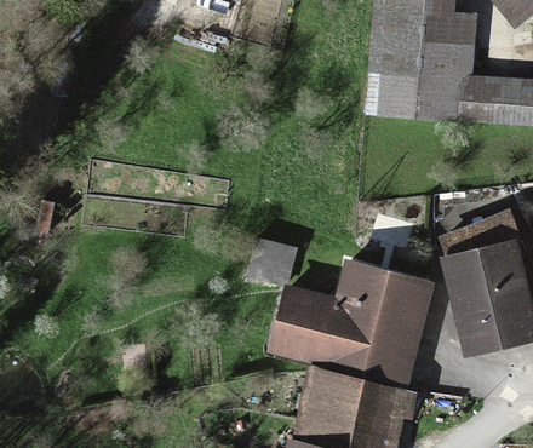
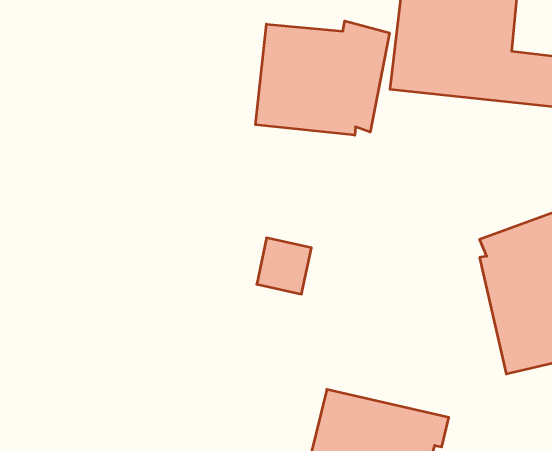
building: none -> [256,21,389,135]
building: [269,264,431,381] -> none

